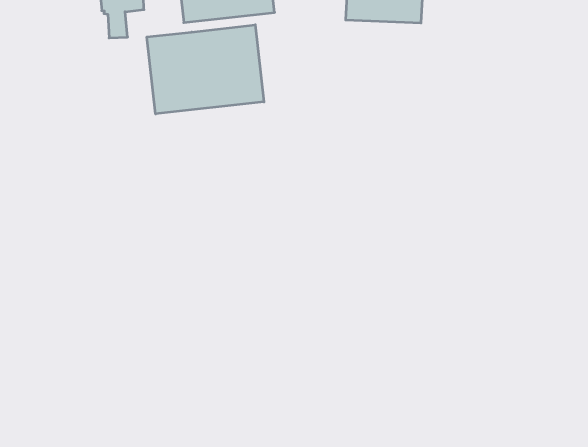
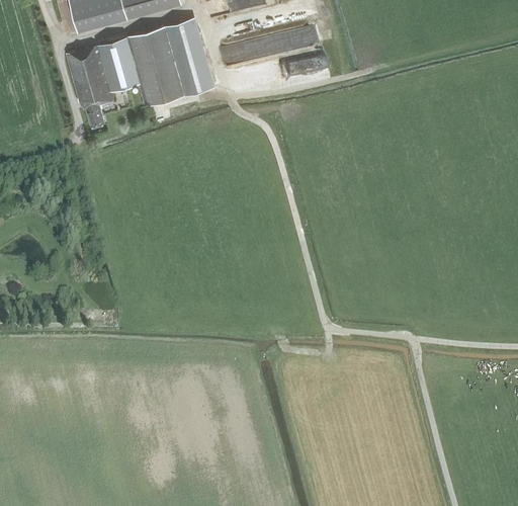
building: [147,25,264,114] -> none

